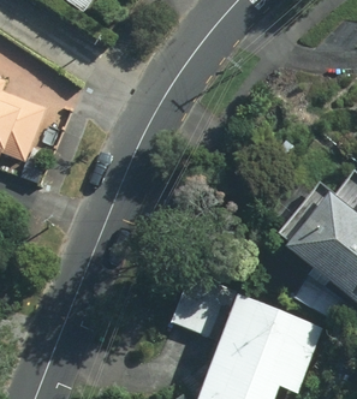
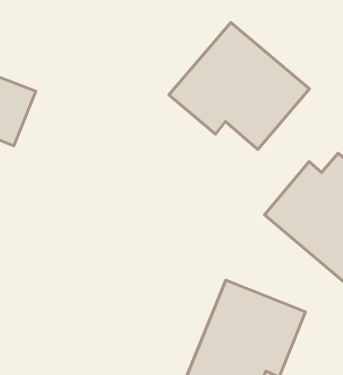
building: none -> [169,23,309,150]

